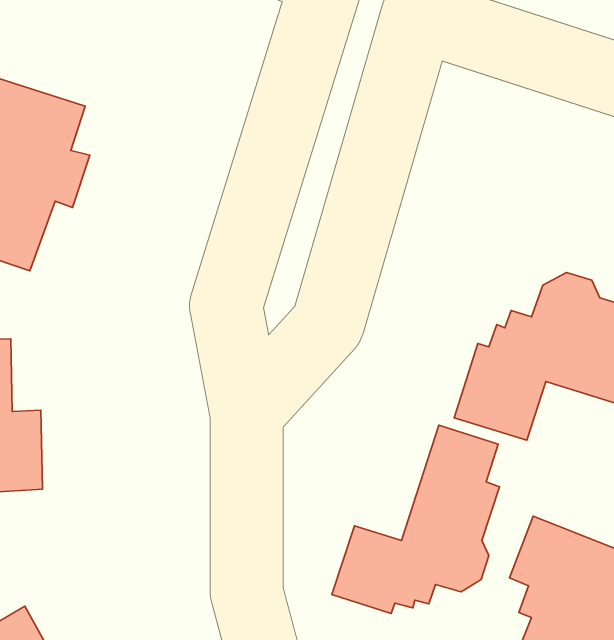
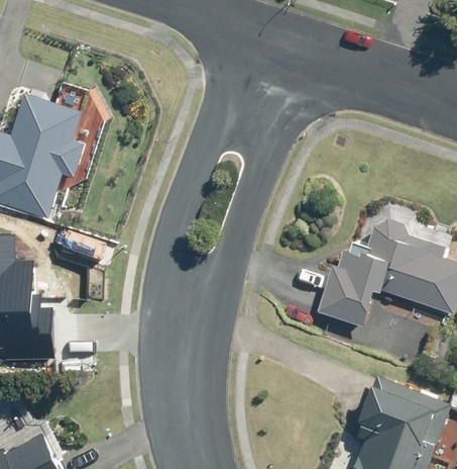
building: [332,425,500,613] -> none

